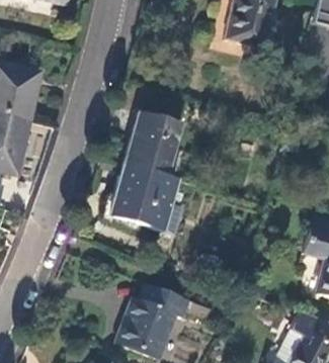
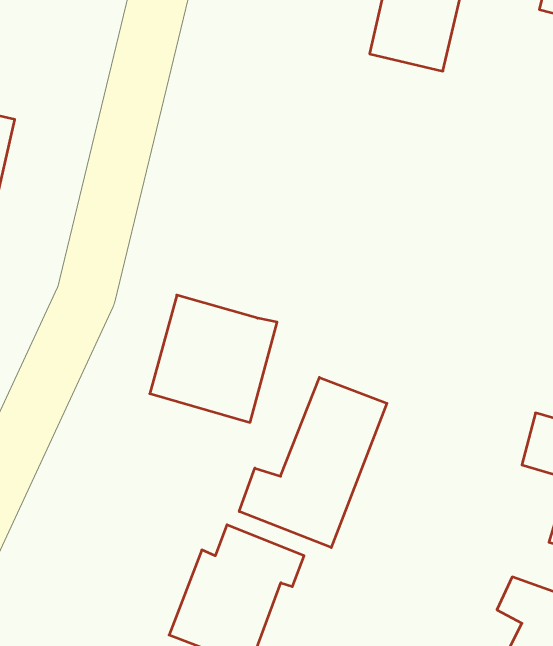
building: [122,110,180,175] -> none
building: none -> [239,377,387,548]

